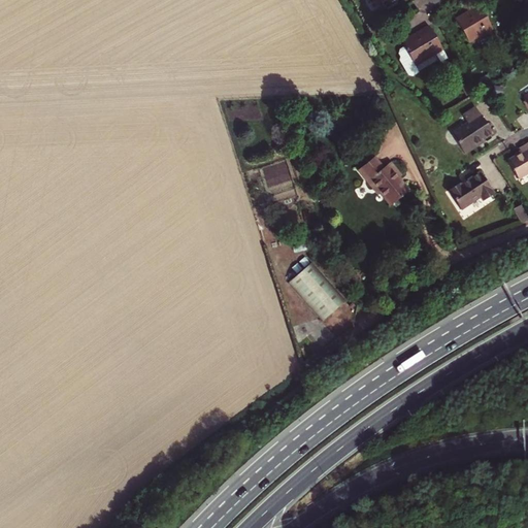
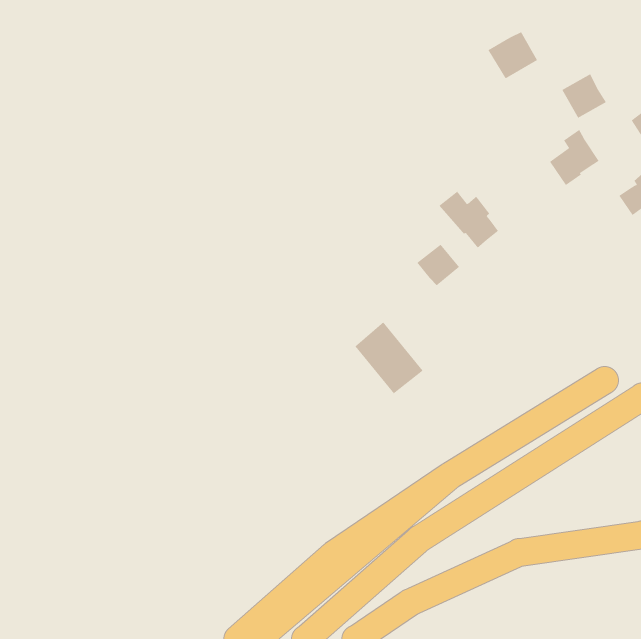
building: [455,4,492,41] -> [562,73,607,119]
building: [448,170,495,211] -> none
building: none -> [417,244,460,286]

